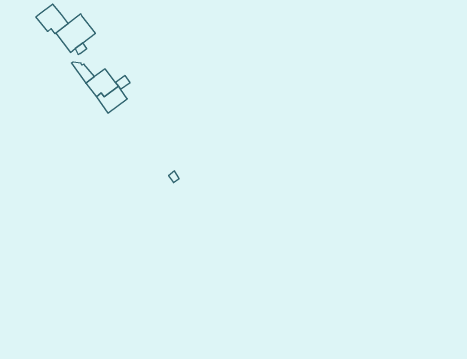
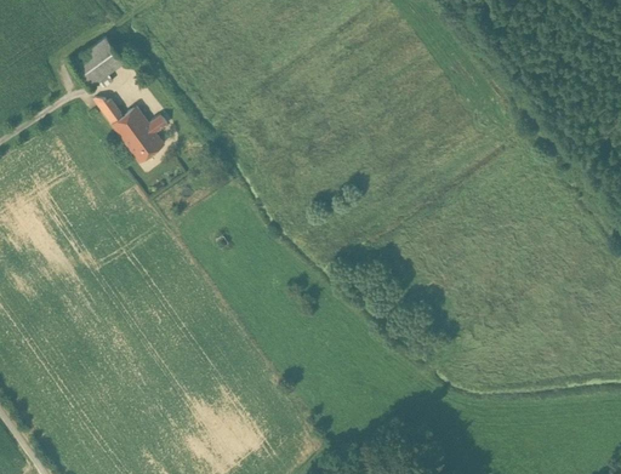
building: [36,4,68,34] -> none

